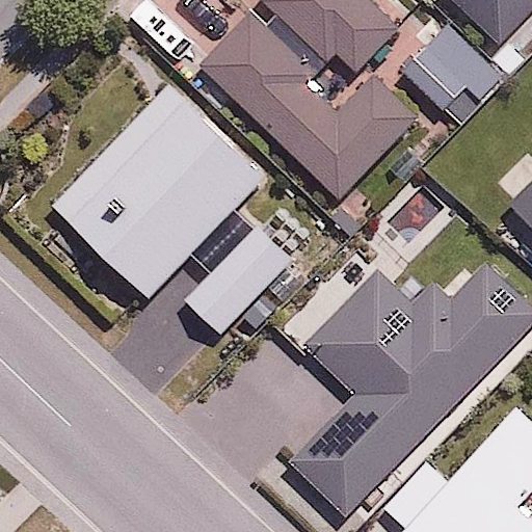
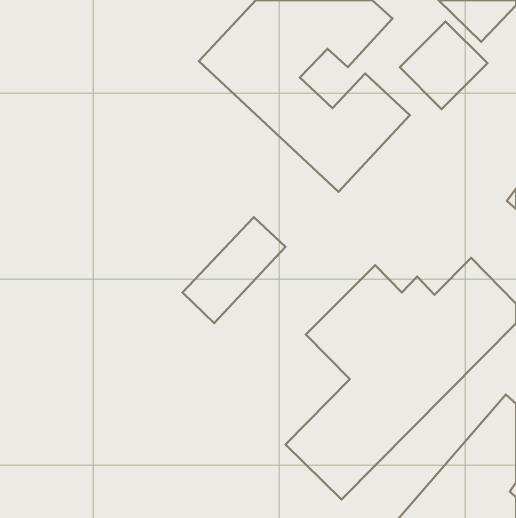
building: [52,85,262,297] -> none

